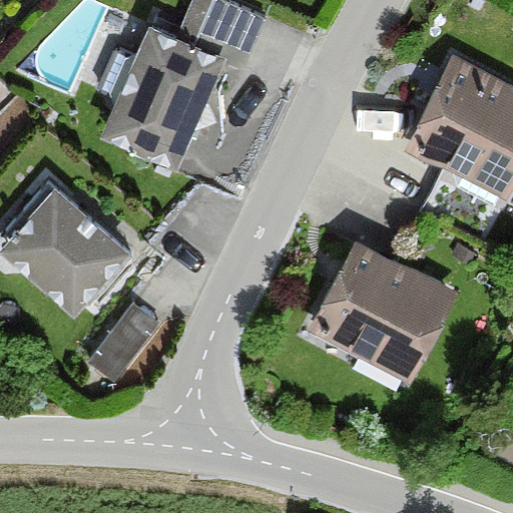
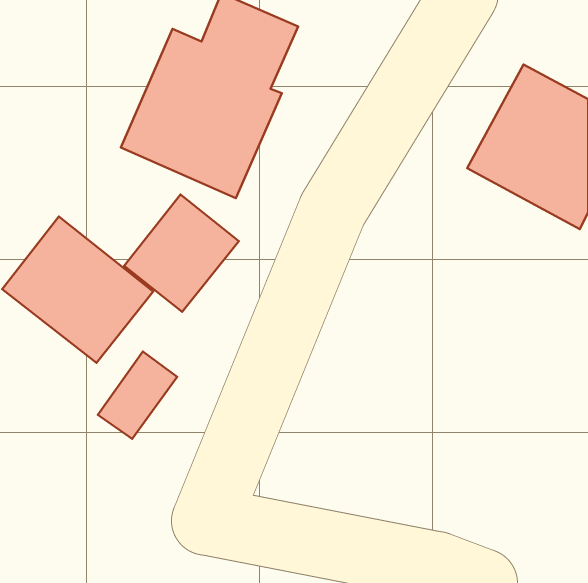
building: none -> [124,194,239,312]
building: [308,239,454,384] -> none

